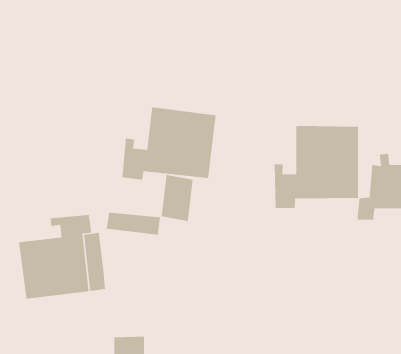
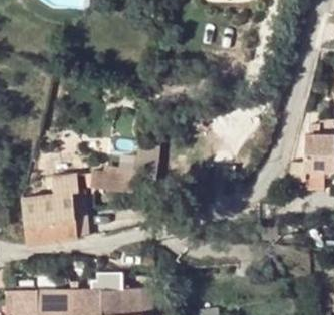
building: [122,107,216,181] -> none
building: [274,125,359,209] -> none

